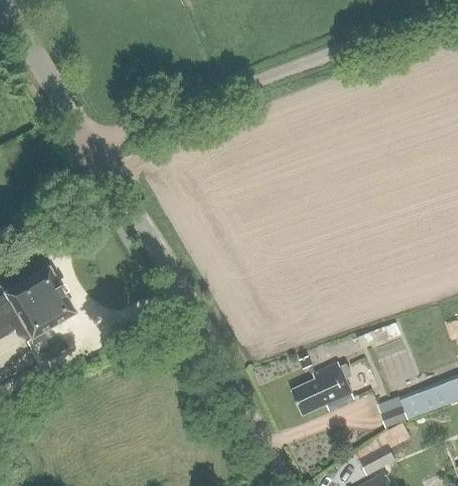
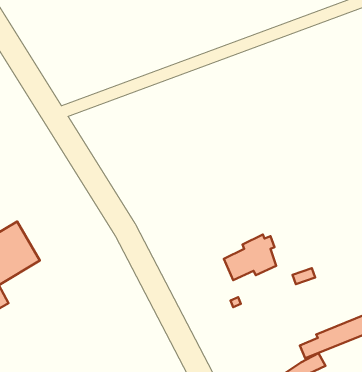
building: [290,362,352,416] -> [224,234,276,280]

